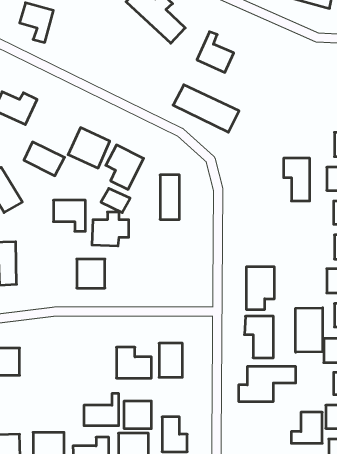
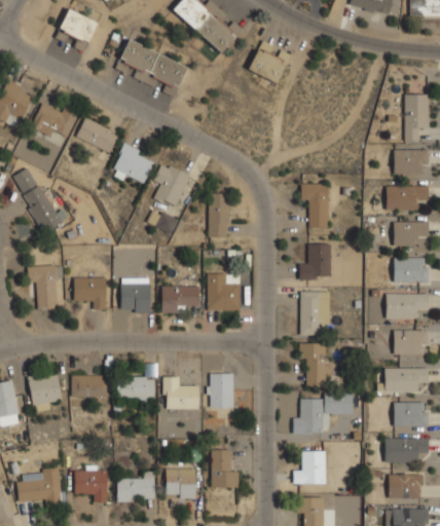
building: [173,85,239,132] -> [118,39,188,89]
building: [24,142,65,176] -> [76,117,119,153]
building: [284,158,310,201] -> [301,183,329,228]
building: [53,200,85,231] -> [73,277,107,310]
building: [92,212,129,246] -> [160,277,199,313]
building: none -> [299,243,330,280]
building: none -> [207,273,240,311]
building: [296,308,323,352] -> none
building: none -> [71,374,108,398]
building: [84,394,119,426] -> [117,365,154,399]
building: [124,401,151,429] -> none
building: [291,412,322,443] -> [293,451,326,484]

